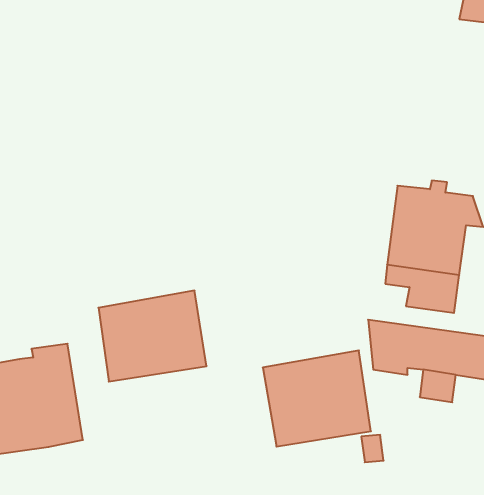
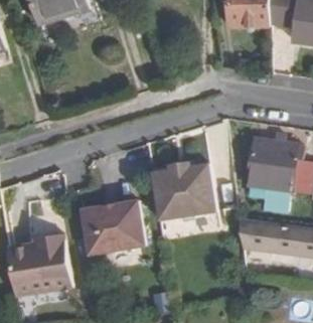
building: [263,350,371,447] -> [150,163,213,219]

